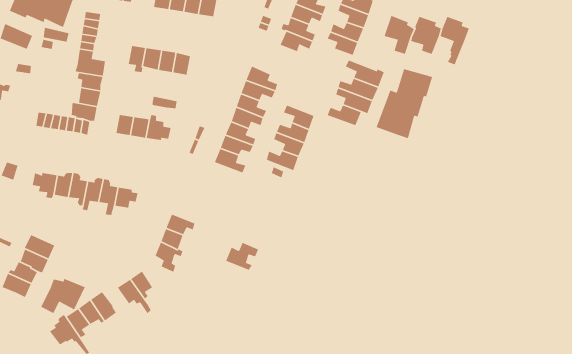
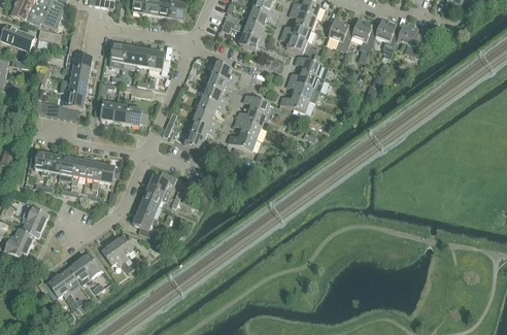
building: none -> [397,22,424,55]
building: [375,68,433,139] -> none
building: [225,242,259,271] -> [147,169,176,194]
building: [40,278,86,314] -> none

